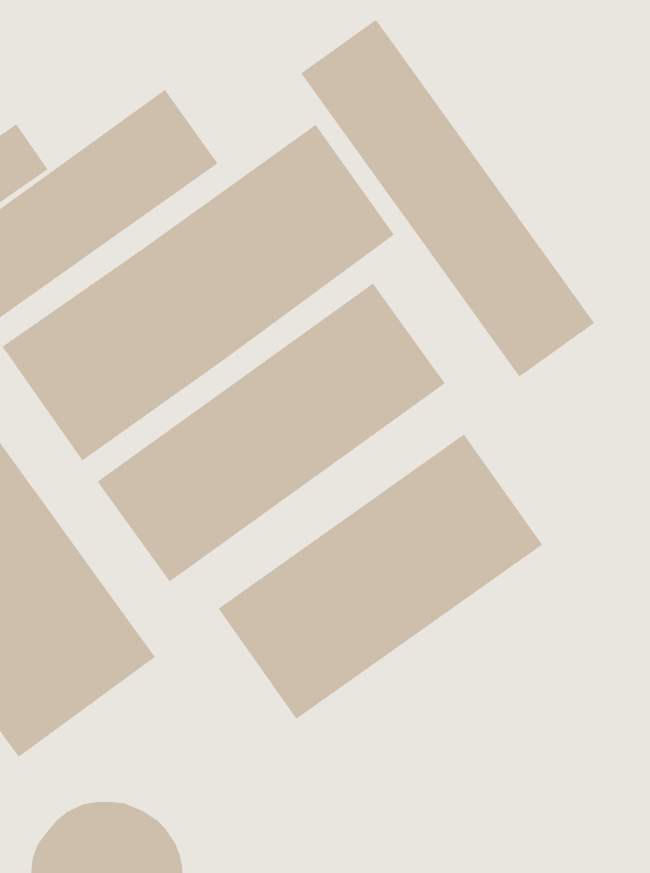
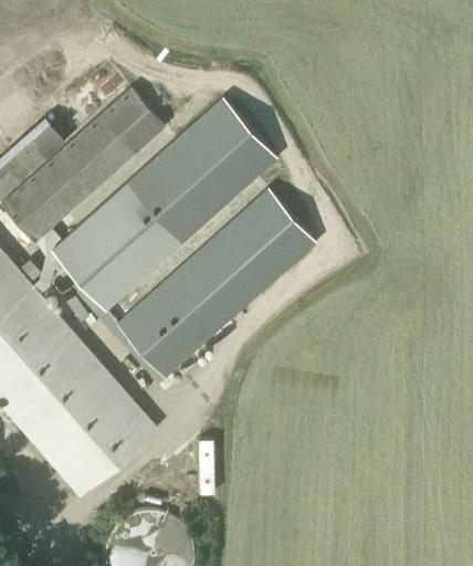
building: [300,19,595,377] -> none
building: [217,434,543,720] -> none

